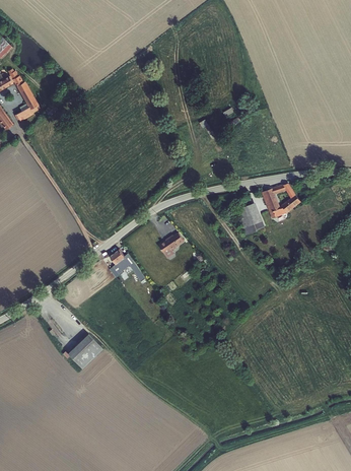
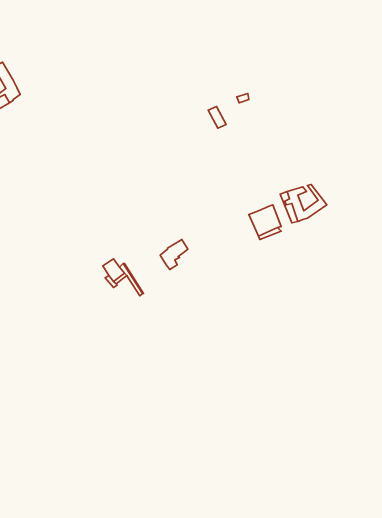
building: [67,334,100,368] -> none

